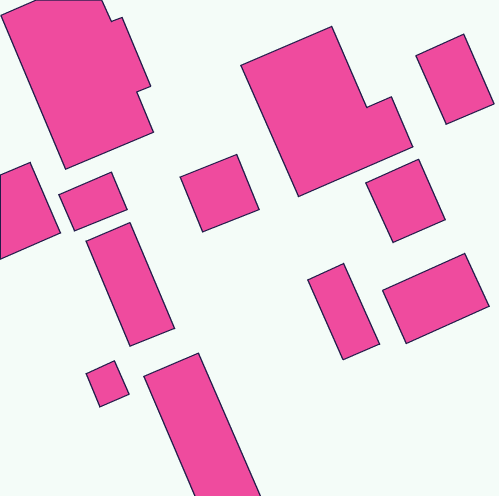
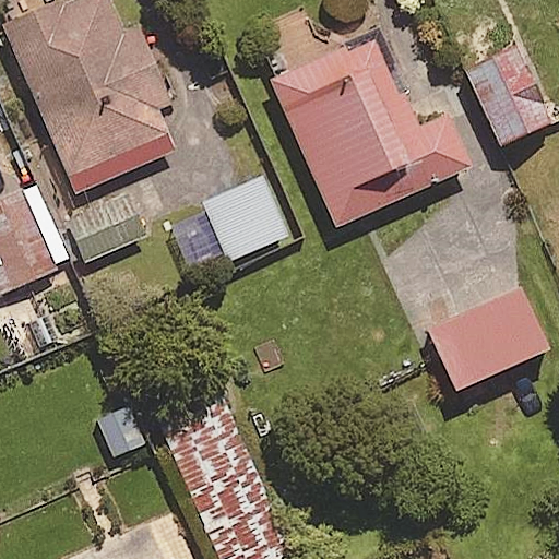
building: [366,159,445,243] -> none
building: [86,223,175,346] -> none
building: [308,263,380,360] -> none

